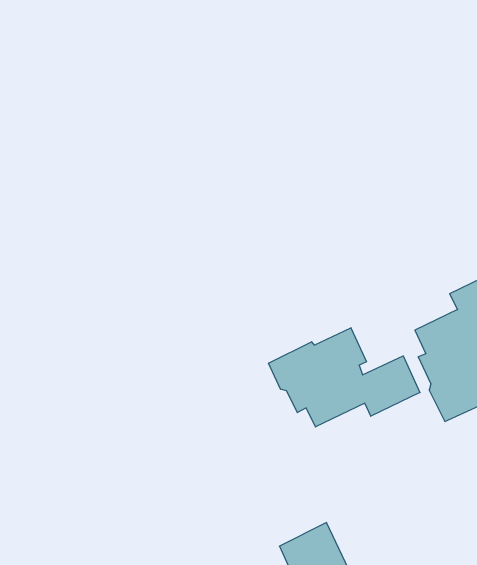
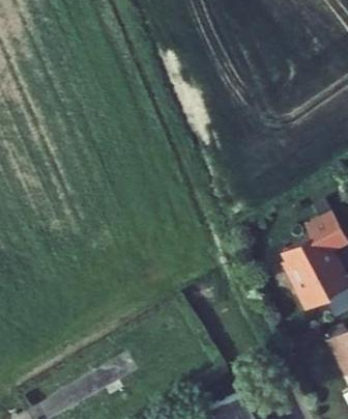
building: [269,328,420,427] -> none

